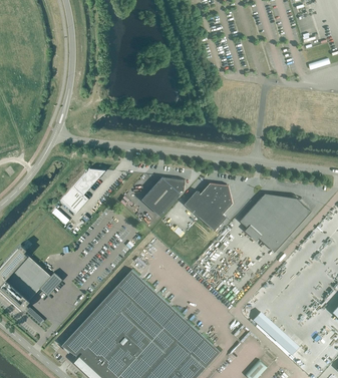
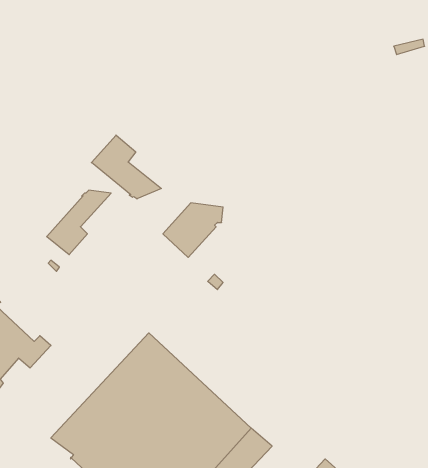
building: none -> [91,135,161,199]
building: [185,182,233,231] -> none
building: [240,193,311,252] -> none

